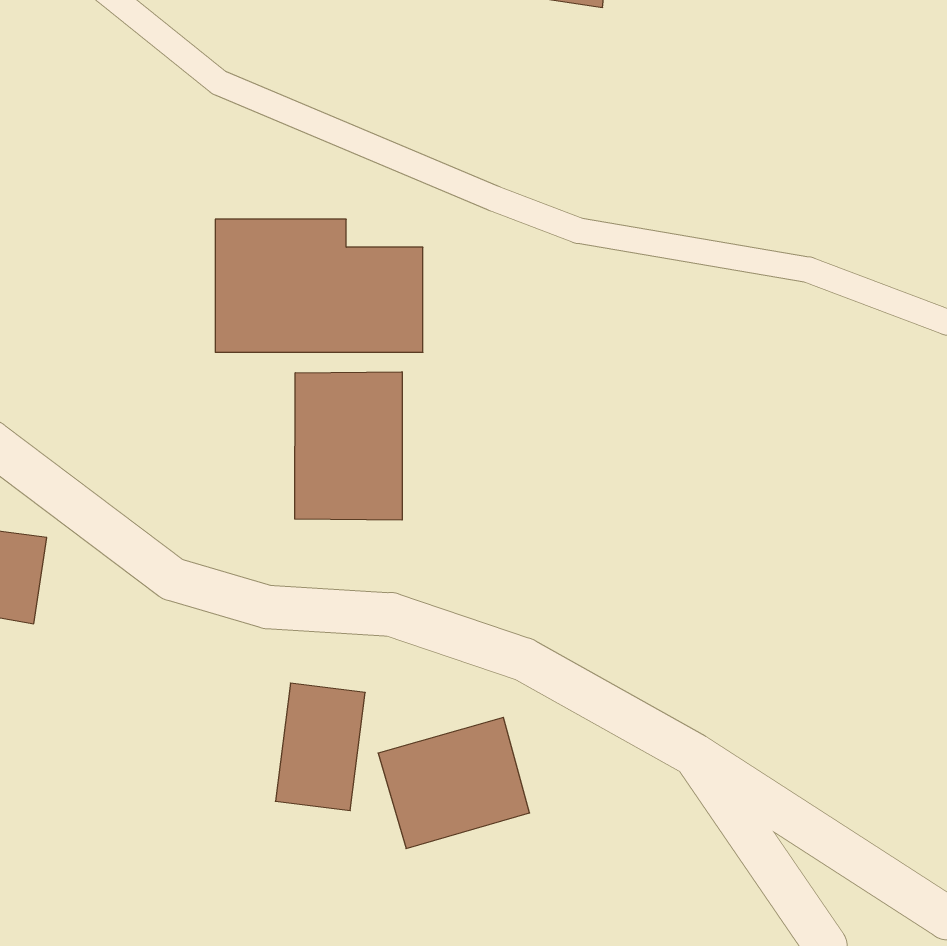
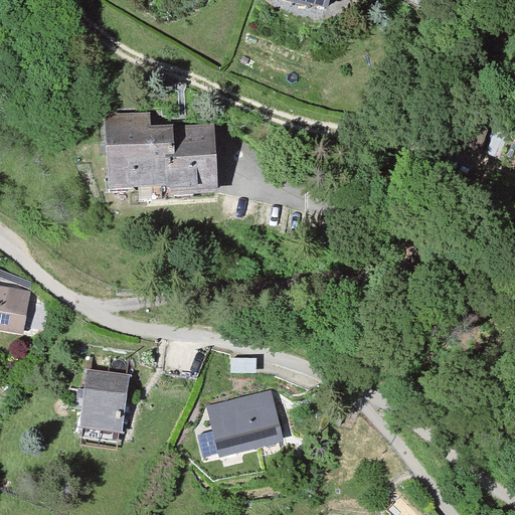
building: [295,372,402,520] -> none
building: [275,683,365,811] -> [75,368,124,437]

